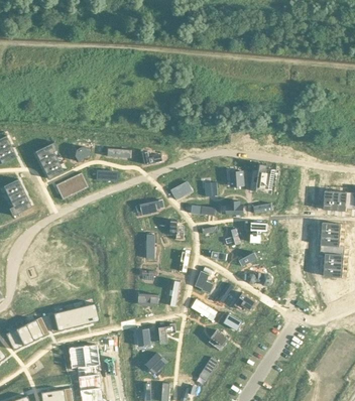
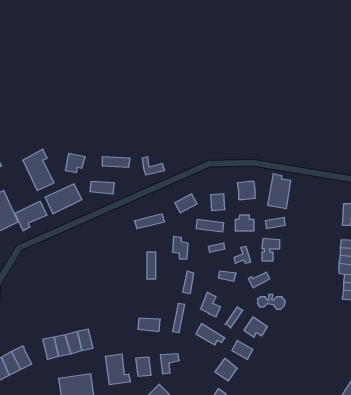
building: none -> [15,201,47,231]
building: none -> [105,354,130,385]

